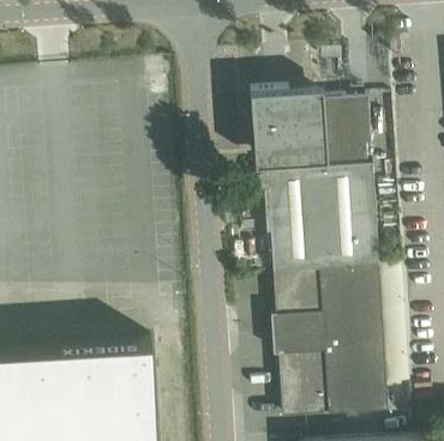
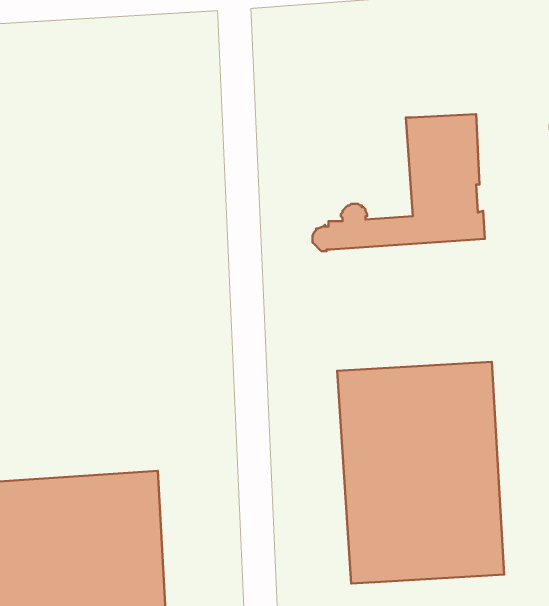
building: [250,91,324,174] -> none
building: [268,186,378,276] -> none

